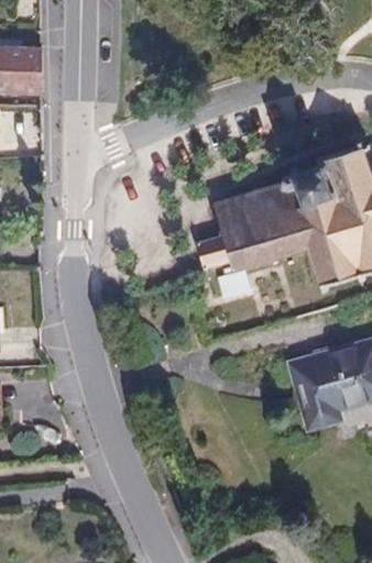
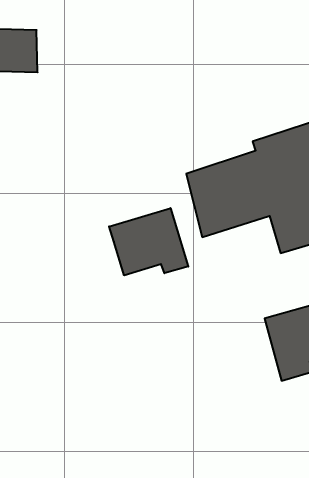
building: none -> [109,208,188,275]

